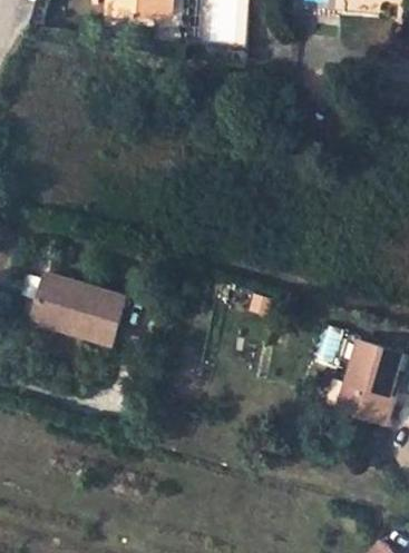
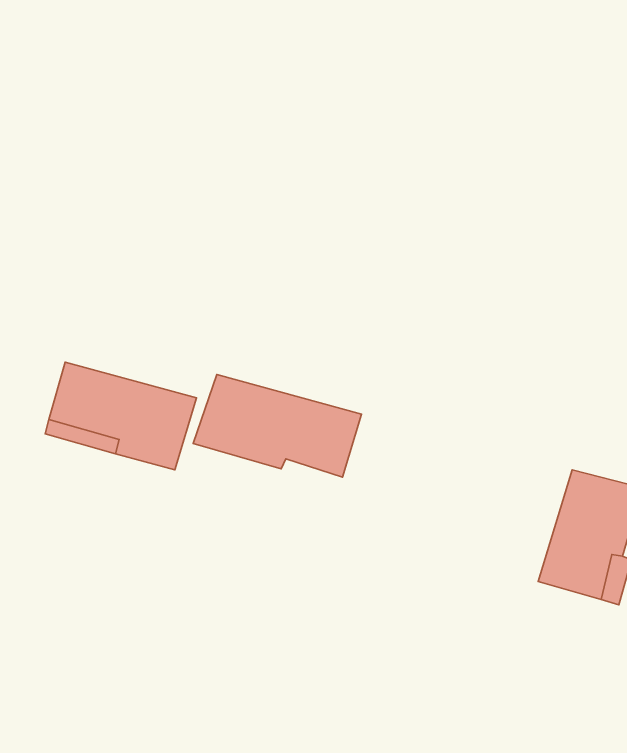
building: none -> [193,374,361,477]

